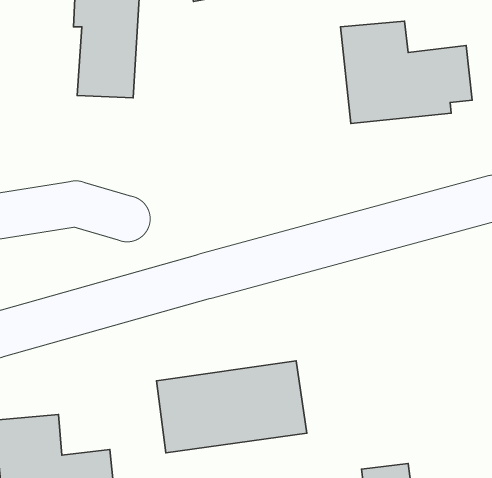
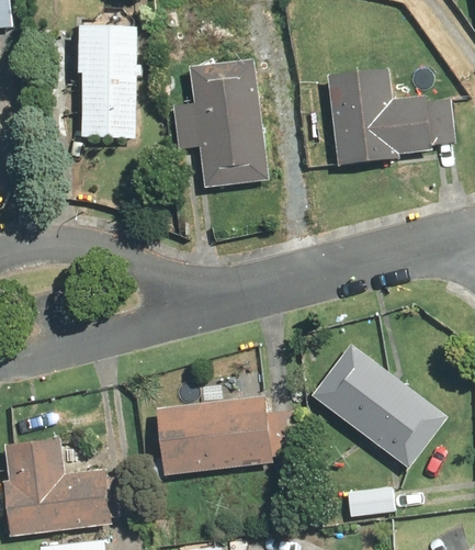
building: none -> [169,55,270,188]
building: none -> [310,344,445,467]

